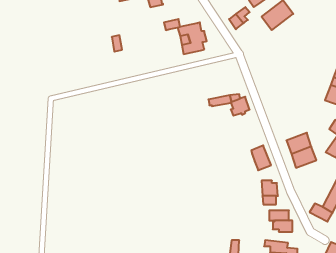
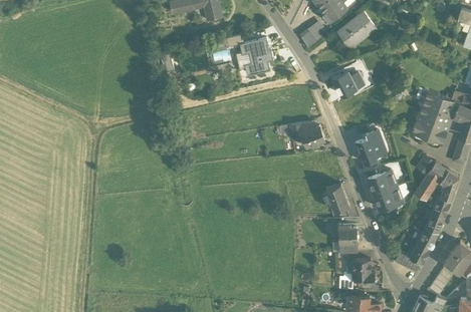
building: none -> [331,71,363,95]
building: none -> [354,128,386,163]

